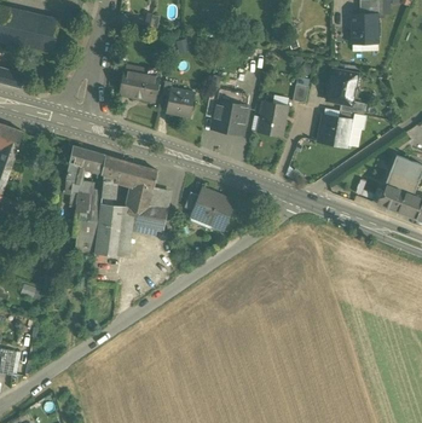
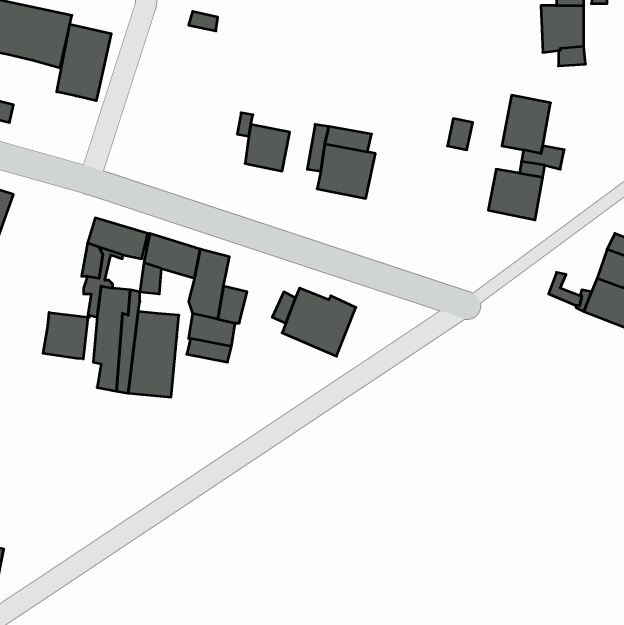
building: none -> [57,24,111,101]
building: [120,70,158,102] -> none
building: [258,102,288,137] -> none
building: none -> [43,312,88,359]

